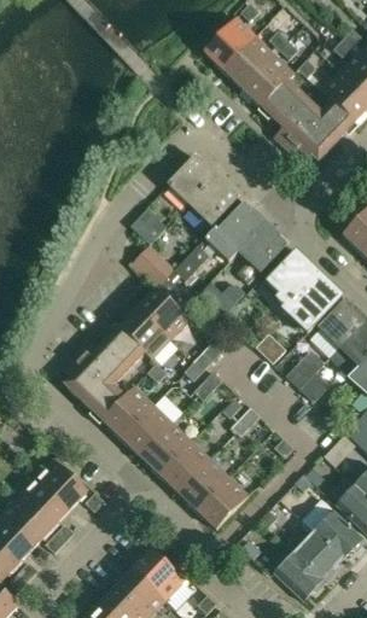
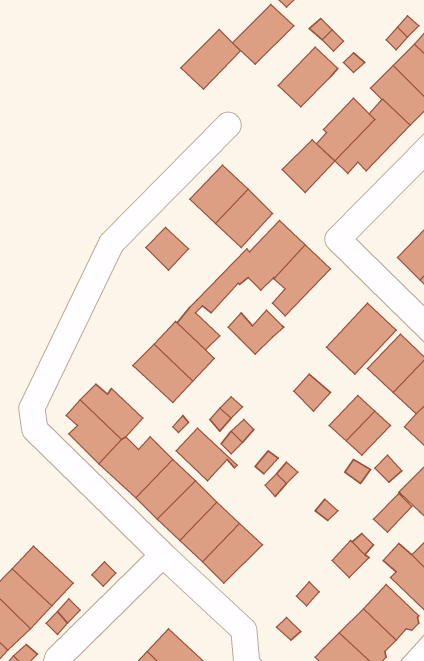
building: [223,36,274,87] -> [181,29,241,89]
building: [262,80,307,124] -> [282,140,335,192]
building: [134,246,174,286] -> none
building: [267,250,319,309] -> none
building: [101,325,153,369] -> [176,428,237,481]
building: [35,459,87,509] -> none
building: [197,477,249,527] -> none

